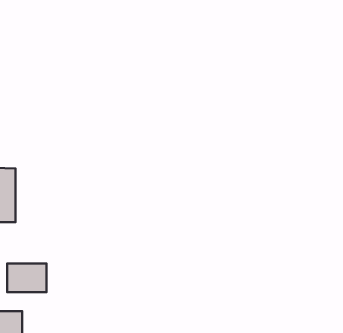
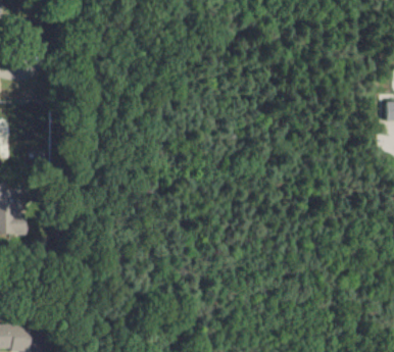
building: [7,264,47,292] -> none

